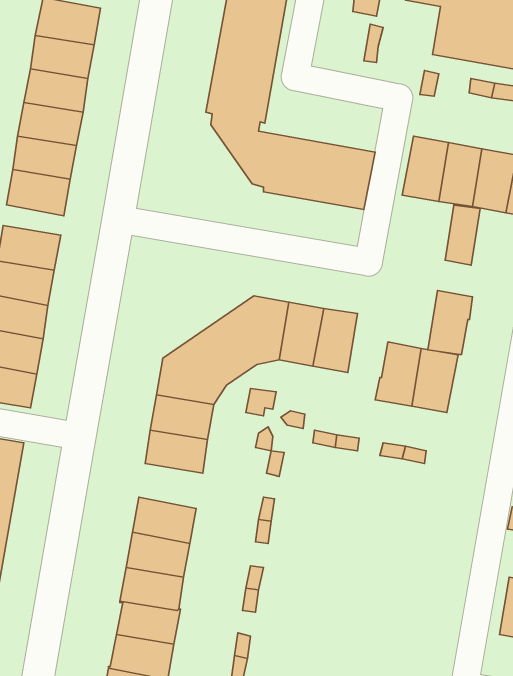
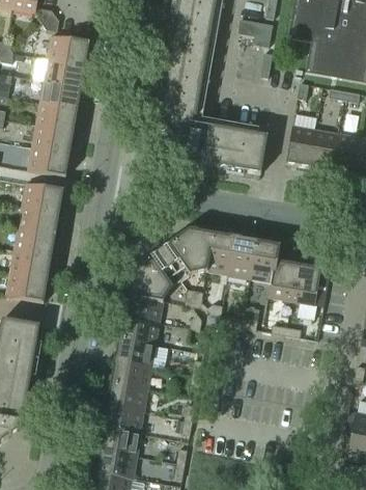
building: [445,205,480,265] -> none
building: [428,291,473,355] -> [250,240,279,281]
building: none -> [114,337,156,366]

